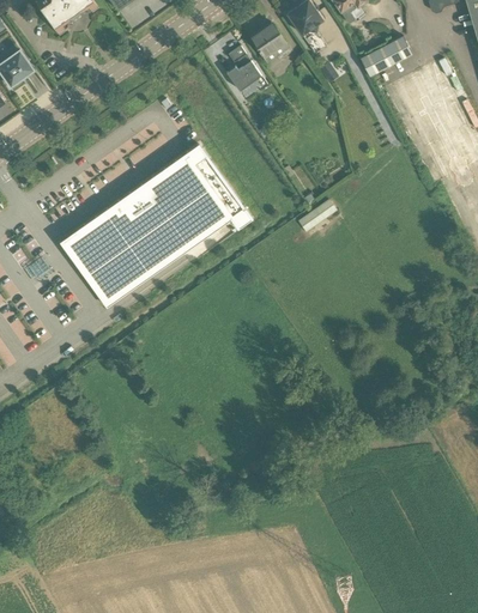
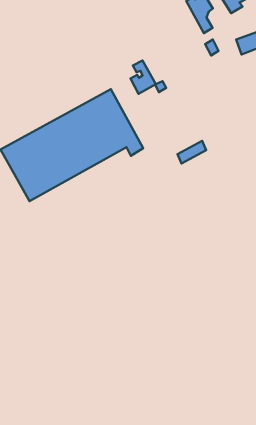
building: [248,20,290,62] -> none
building: [226,44,261,90] -> [131,60,156,94]

